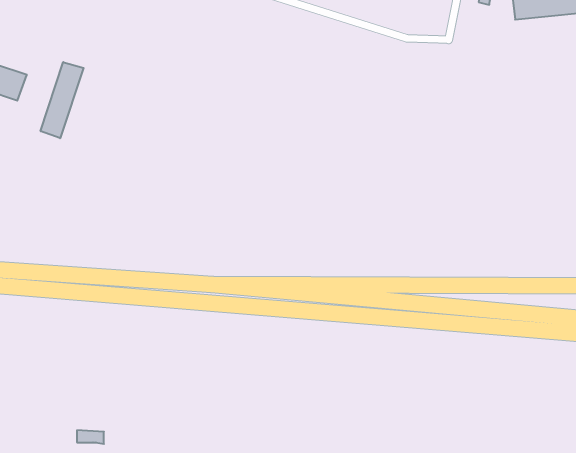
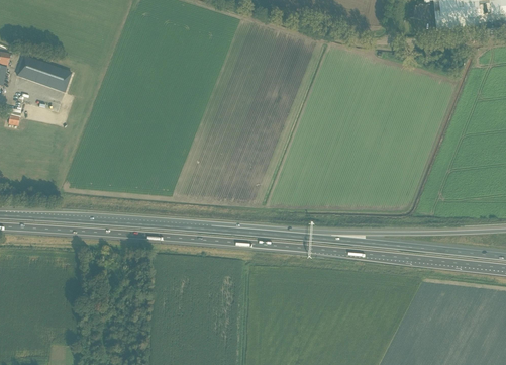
building: [41,62,84,138] -> none

